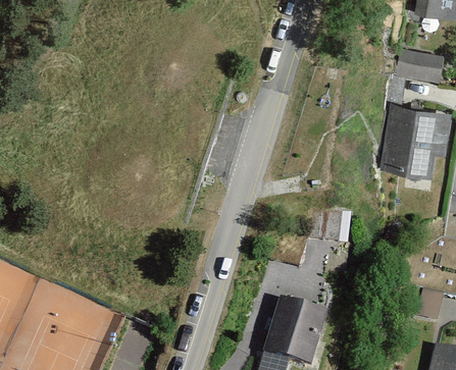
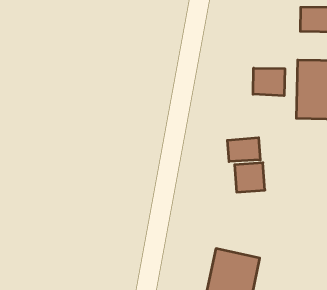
building: none -> [253,68,285,96]
building: none -> [227,138,260,162]

